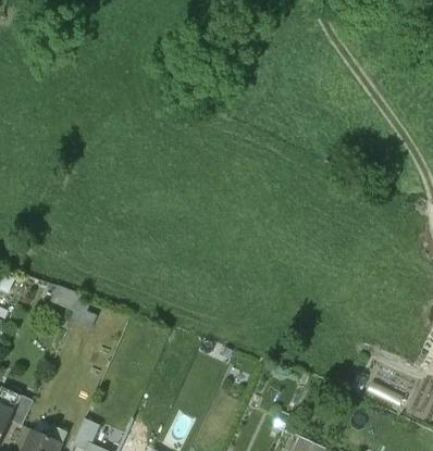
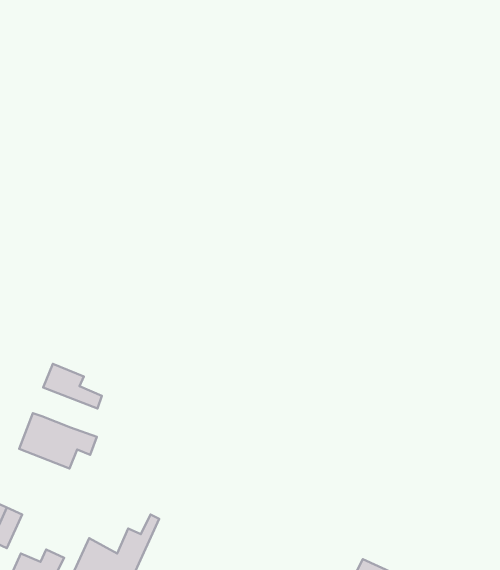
building: none -> [19,413,97,468]

